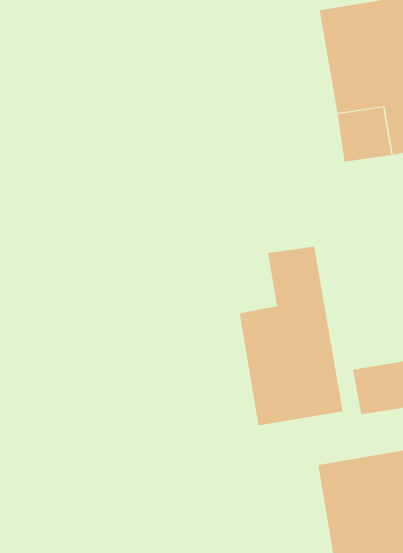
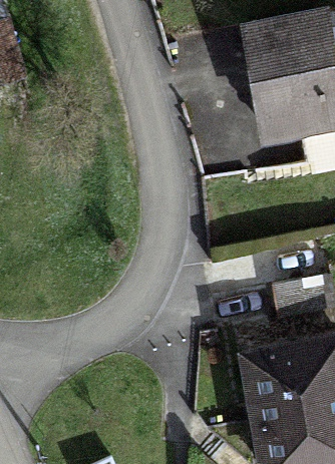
building: [239,246,343,426] -> none

